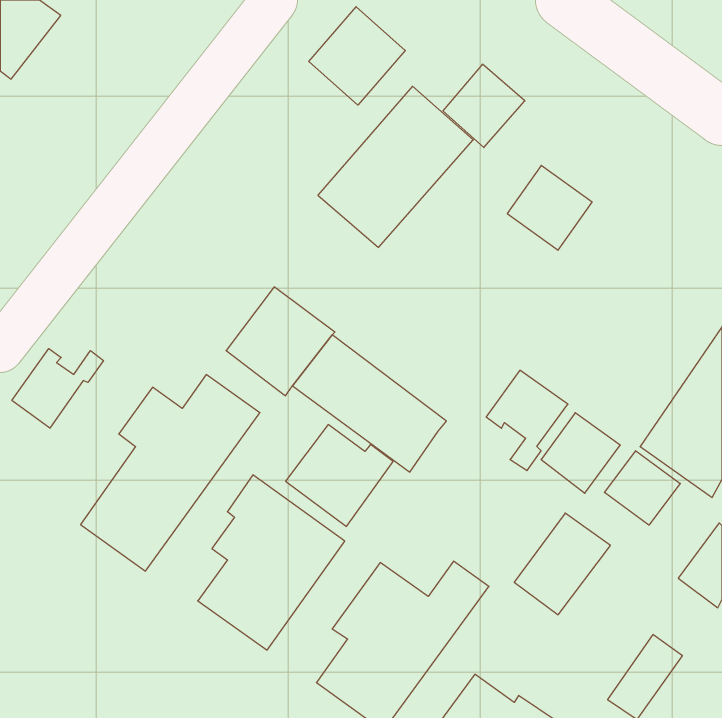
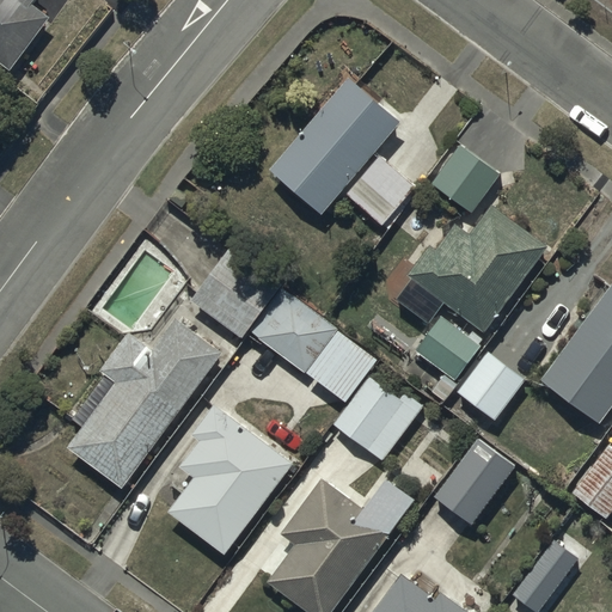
building: [309,7,405,105] -> none
building: [443,64,525,148] -> [347,155,416,226]
building: none -> [406,203,550,333]
building: [12,349,103,428] -> none
building: [286,425,393,526] -> [333,377,424,463]
building: [604,451,680,525] -> none

